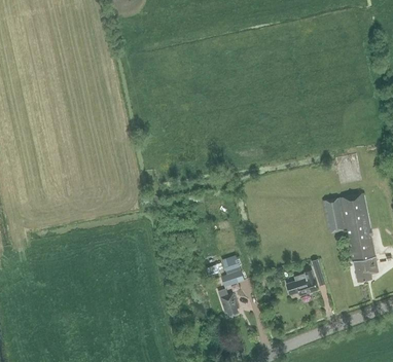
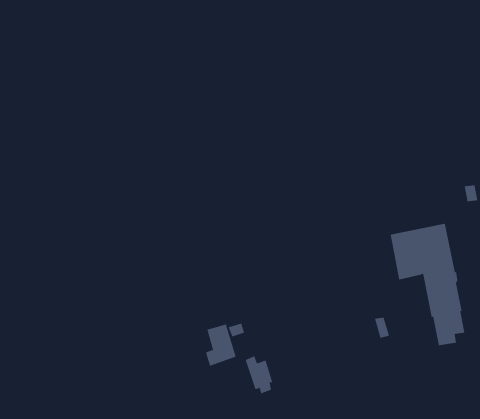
building: [221,256,244,287] -> [205,324,236,367]
building: [286,270,318,295] -> none

